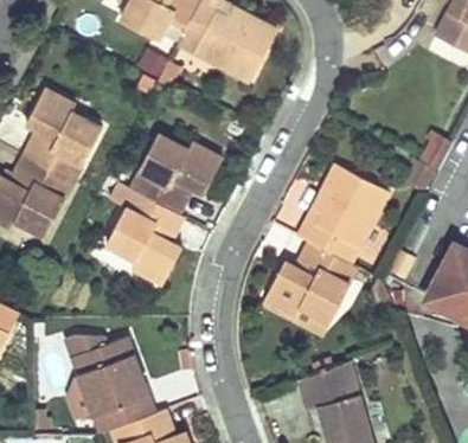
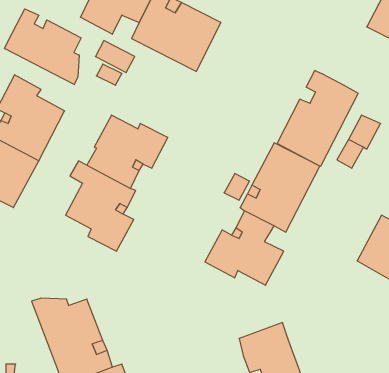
building: none -> [5,9,81,85]
building: none -> [277,70,358,166]

